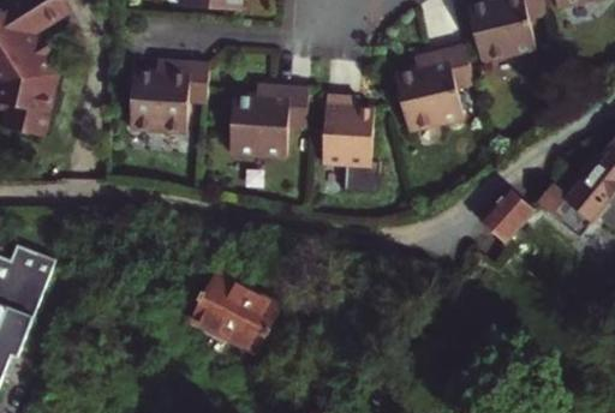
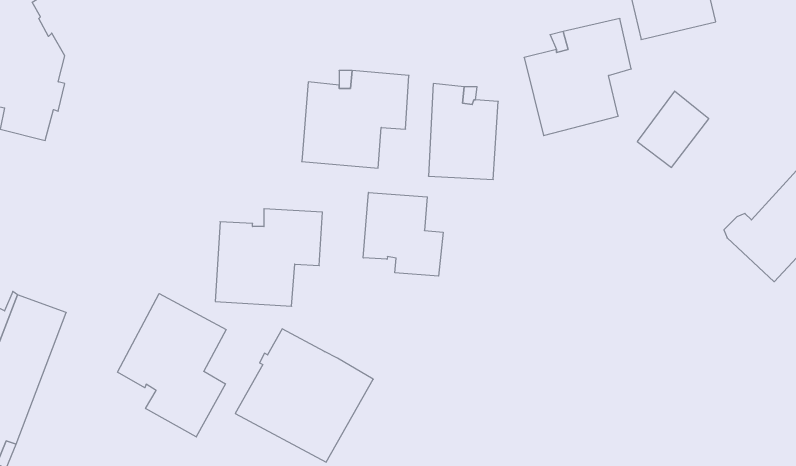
building: [129,60,208,132] -> [215,209,322,306]
building: none -> [363,192,443,276]
building: [488,185,541,241] -> [637,91,709,167]
building: none -> [118,294,226,437]

